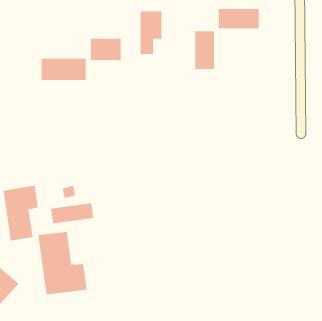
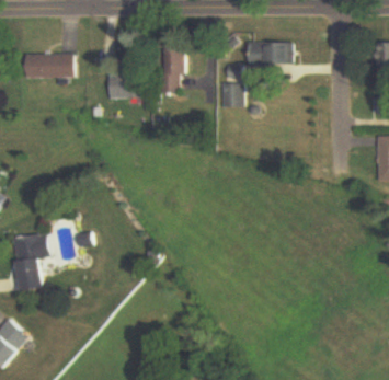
building: [41,58,86,80] -> [25,54,75,78]
building: [51,202,94,224] -> none
building: [38,231,87,295] -> none

